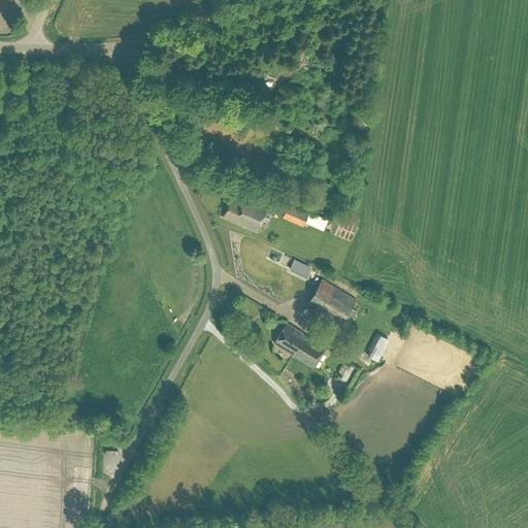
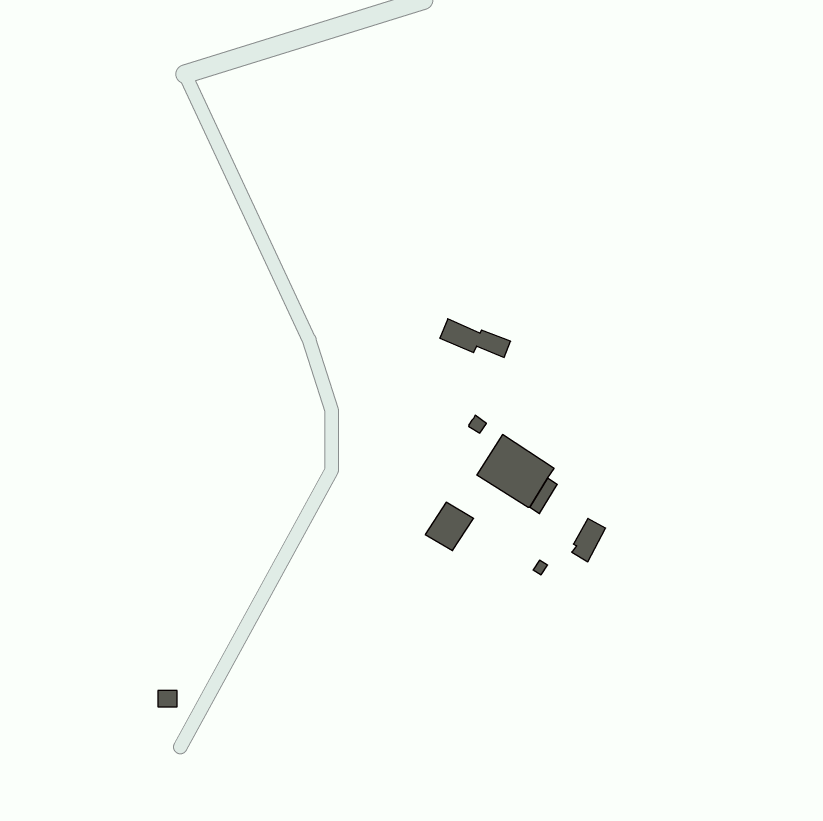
building: [224,197,268,232] -> none
building: [290,333,326,368] -> none

